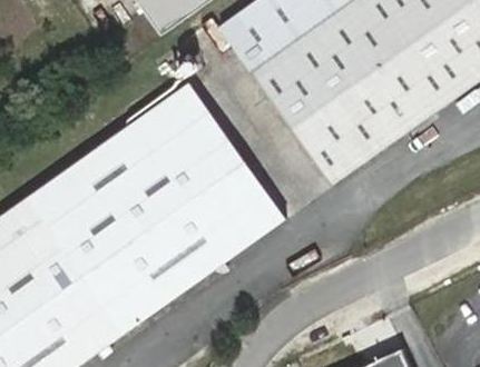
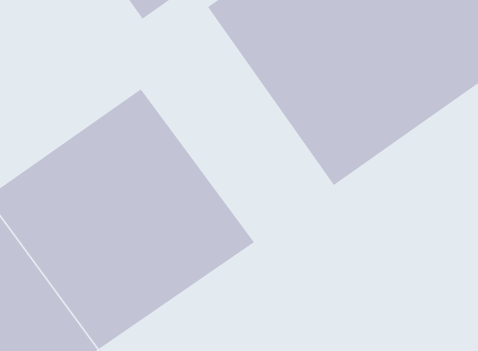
building: [160,77,291,234] -> none

